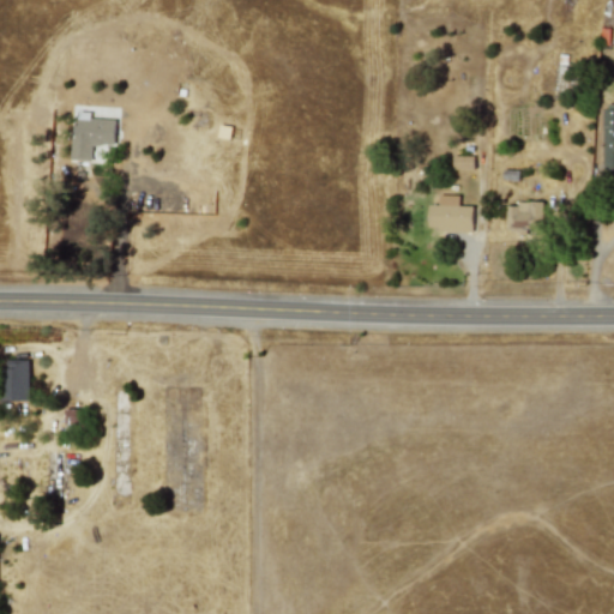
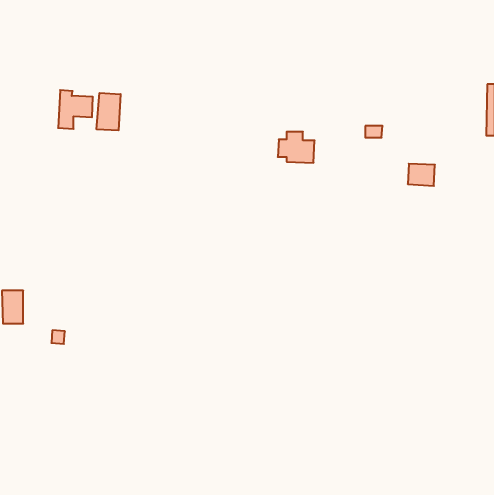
building: none -> [97,93,121,130]
building: [428,195,474,234] -> [278,132,315,163]

